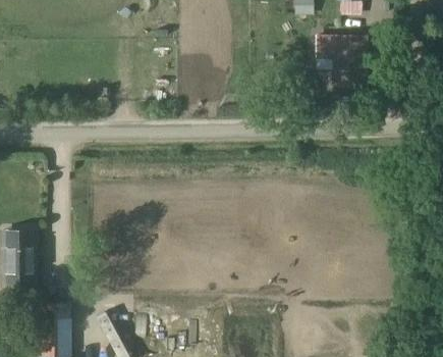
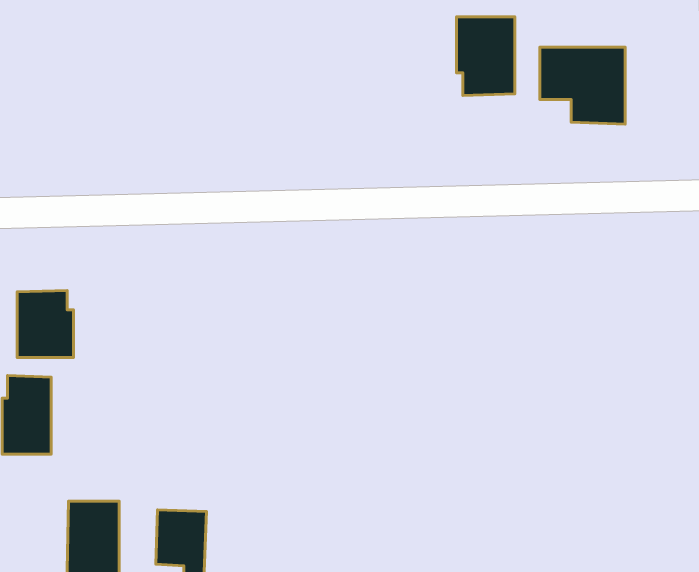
building: none -> [457,17,515,95]
building: none -> [17,290,73,357]

